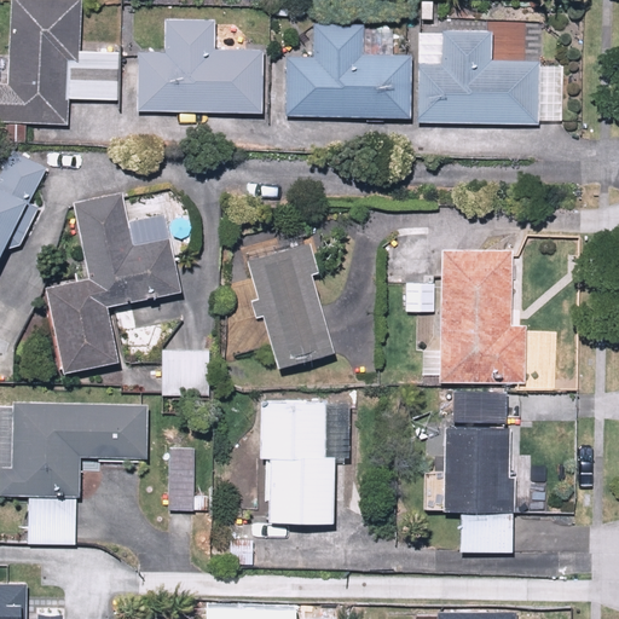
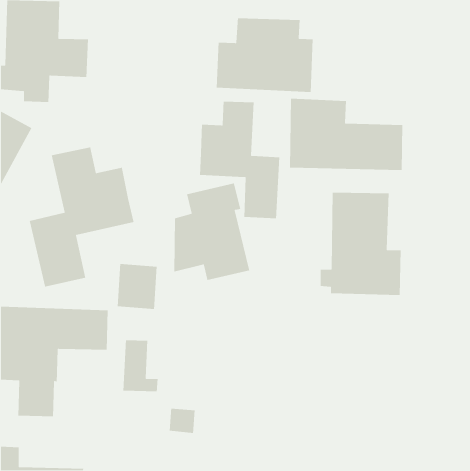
building: [135,15,265,116] -> none
building: [417,29,566,125] -> [289,98,403,171]
building: none -> [199,101,280,219]
building: [426,389,517,551] -> none
building: [255,401,348,523] -> none

